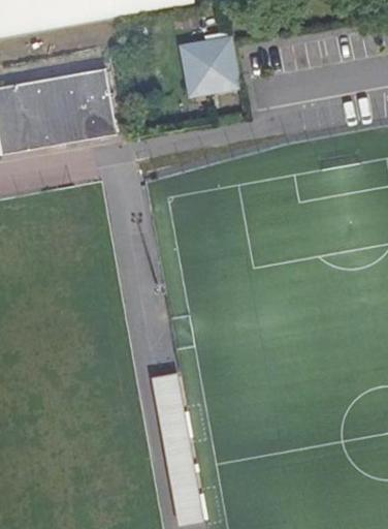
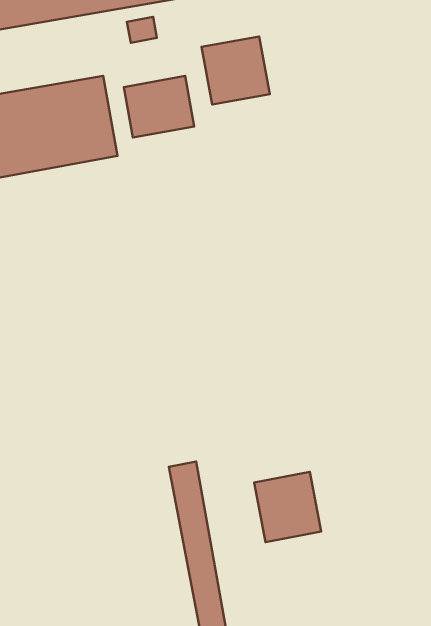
building: none -> [124,76,194,138]
building: none -> [254,472,321,542]

